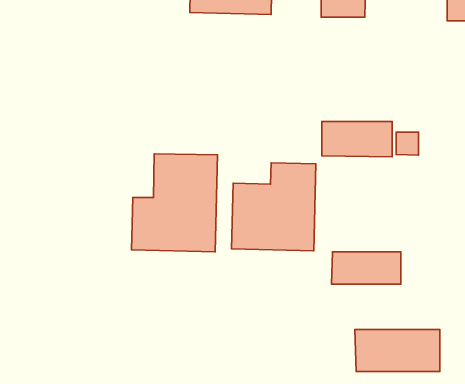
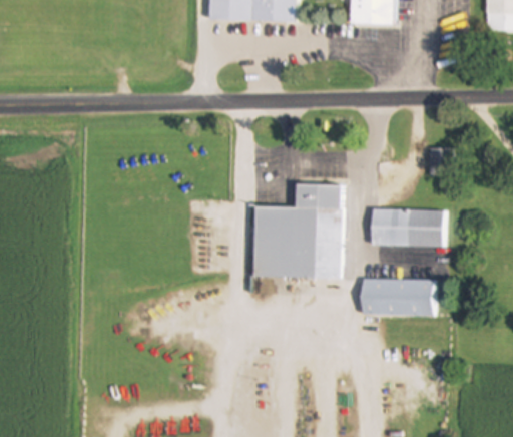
building: [322,121,392,157] -> [372,209,448,248]
building: [132,154,218,252] -> none
building: [355,329,440,372] -> none

